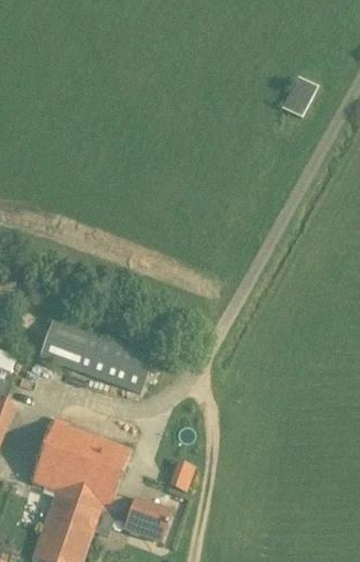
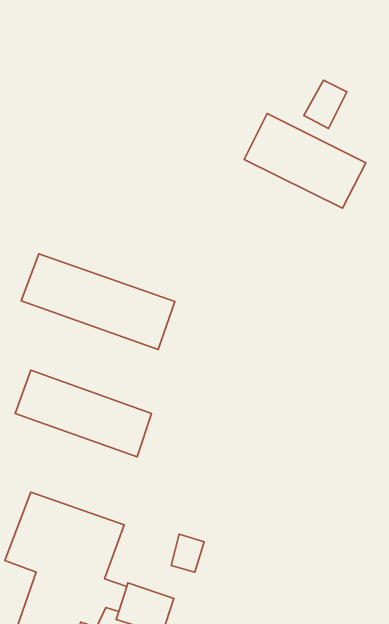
building: none -> [244,113,366,208]
building: none -> [21,254,175,349]

